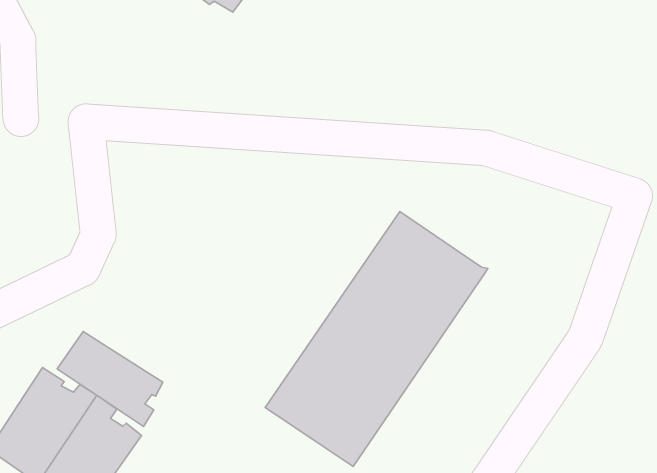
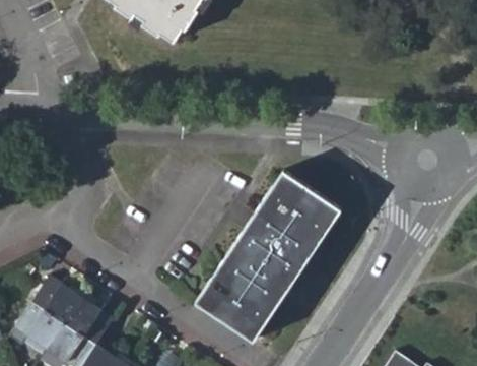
building: [57,332,163,426] -> none

